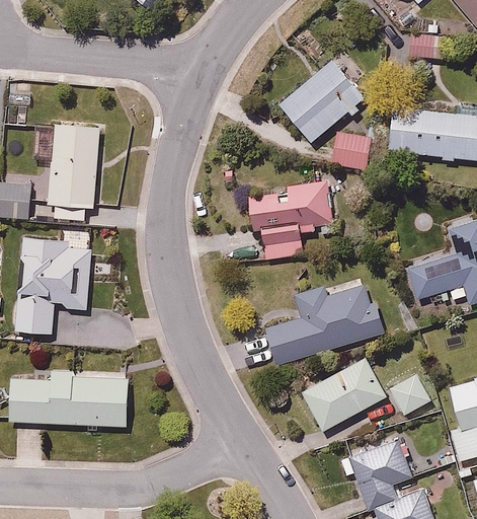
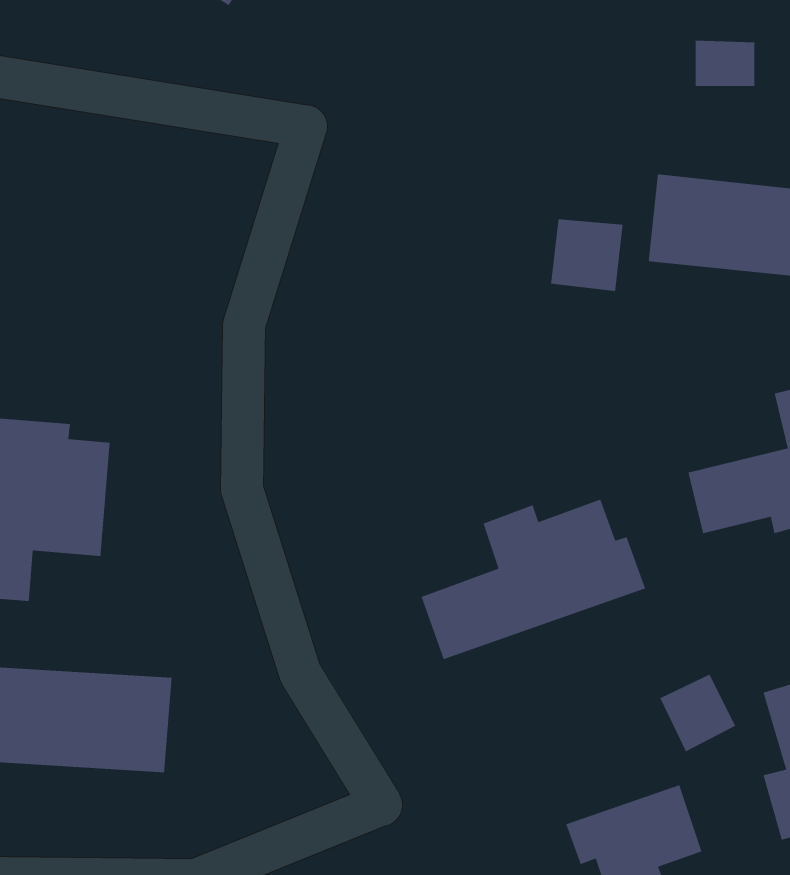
building: [275,56,368,145] -> none
building: [48,122,101,209] -> none
building: [242,179,340,264] -> none
building: [300,355,390,433] -> none

